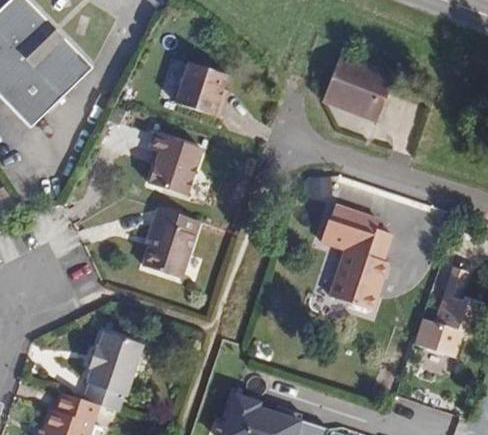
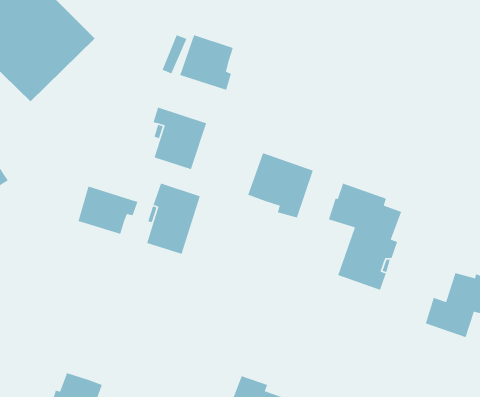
building: [312,52,386,123] -> none
building: none -> [247,152,314,219]
building: none -> [78,186,139,235]
building: [89,329,142,407] -> none

